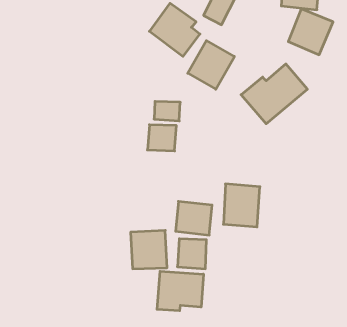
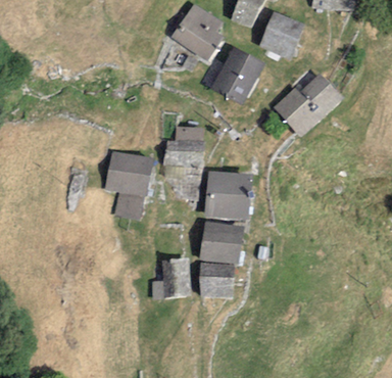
building: [288,9,333,55] -> [258,12,307,62]
building: none -> [103,149,153,214]
building: [223,184,260,227] -> [209,171,249,218]
building: [157,271,203,311] -> none

